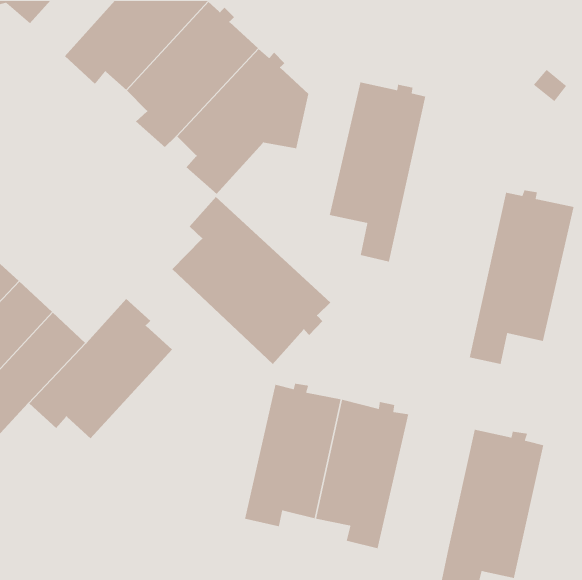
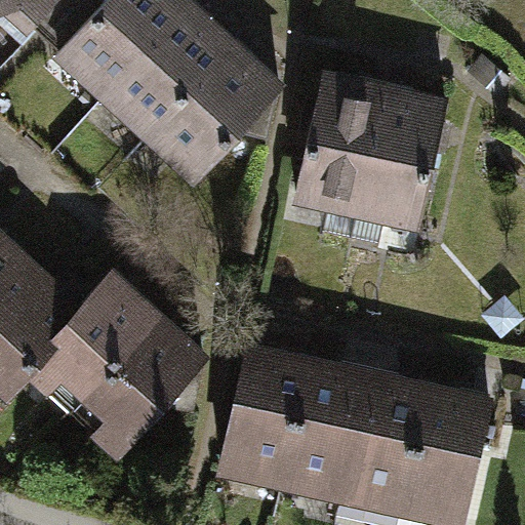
building: [469,189,574,365] -> [349,89,443,246]
building: [172,196,331,365] -> none
building: none -> [81,318,202,452]
building: none -> [338,373,425,503]

